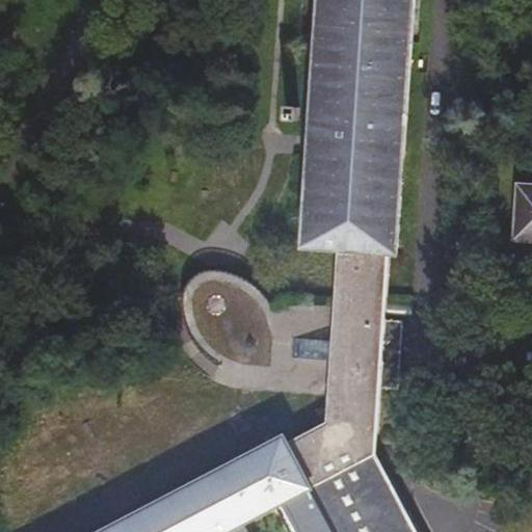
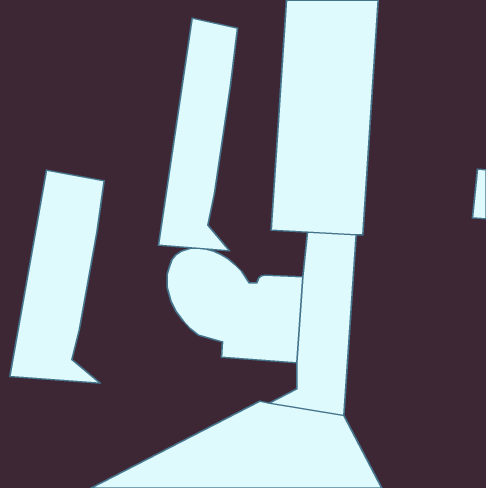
building: none -> [159,18,237,251]
building: none -> [10,170,104,383]

